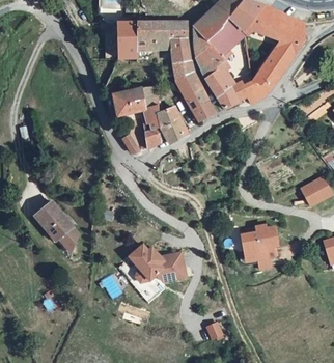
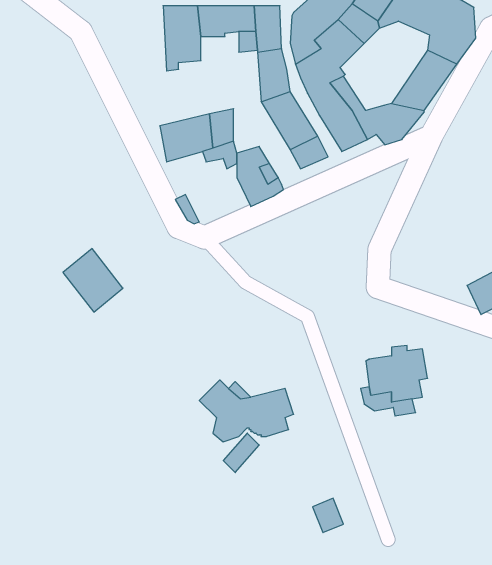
building: [142,113,161,148] -> none
building: [35,204,72,243] -> [63,249,123,312]

